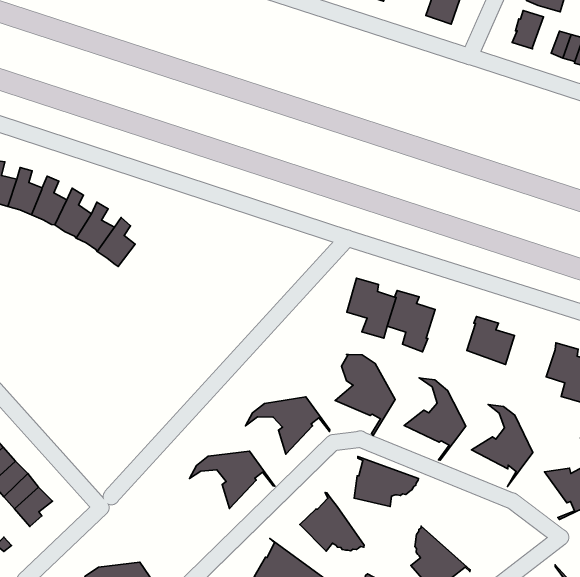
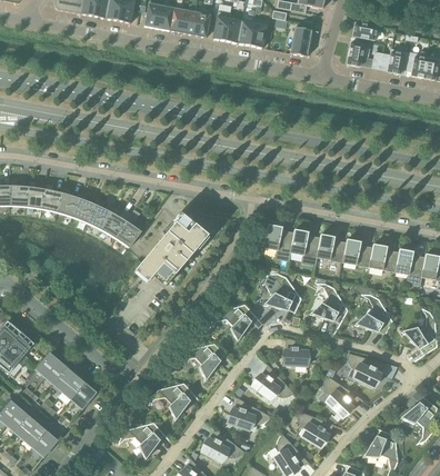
building: none -> [116,208,140,247]
building: none -> [133,210,207,288]
building: none -> [316,234,346,261]
building: none -> [368,244,398,271]
building: none -> [347,353,397,387]
building: none -> [148,383,201,420]

